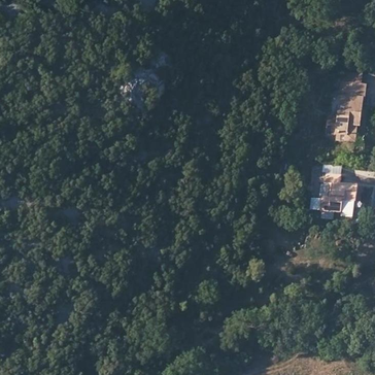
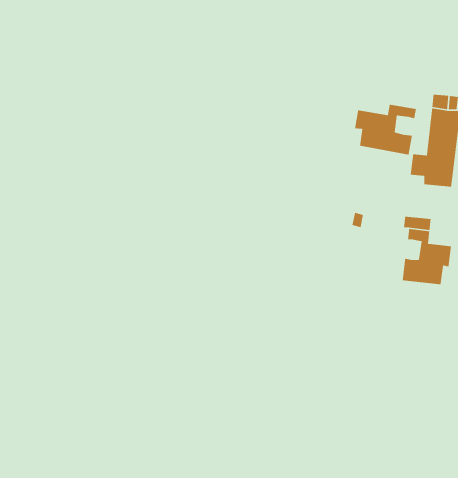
building: none -> [354,104,417,155]

